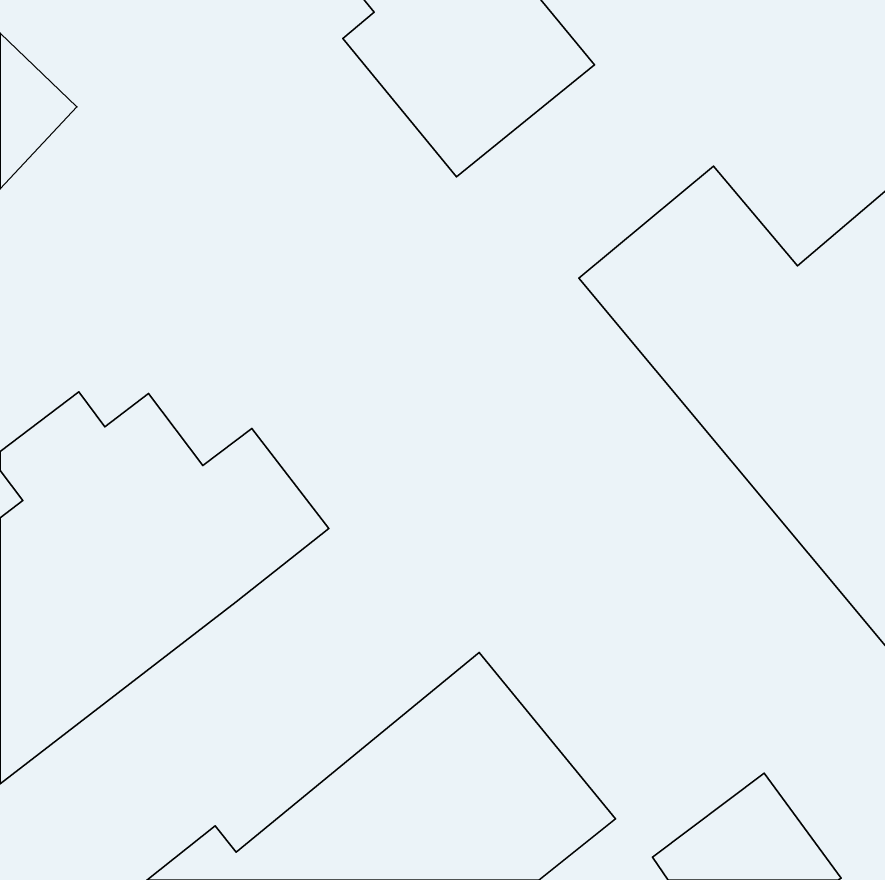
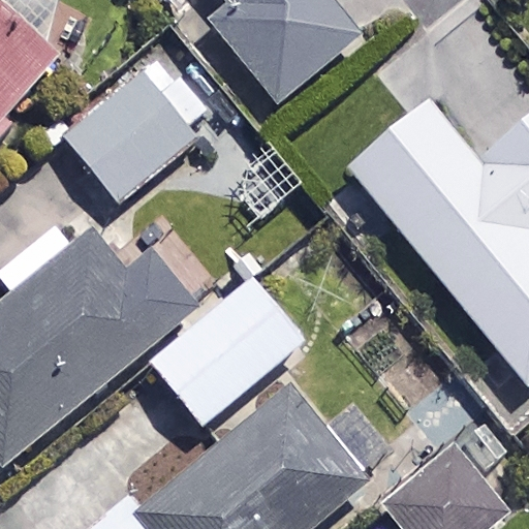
building: none -> [62,57,213,201]
building: none -> [145,280,303,425]

